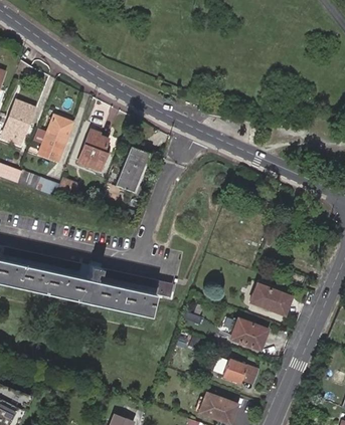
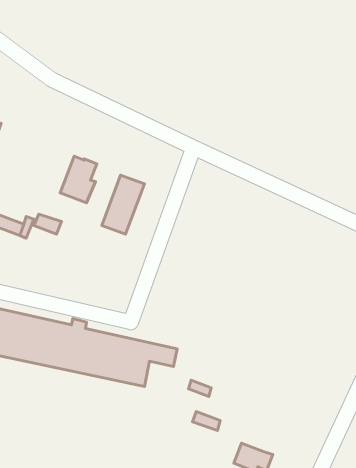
building: [43,119,69,154] -> none
building: [251,286,291,316] -> none
building: [232,322,268,351] -> none

